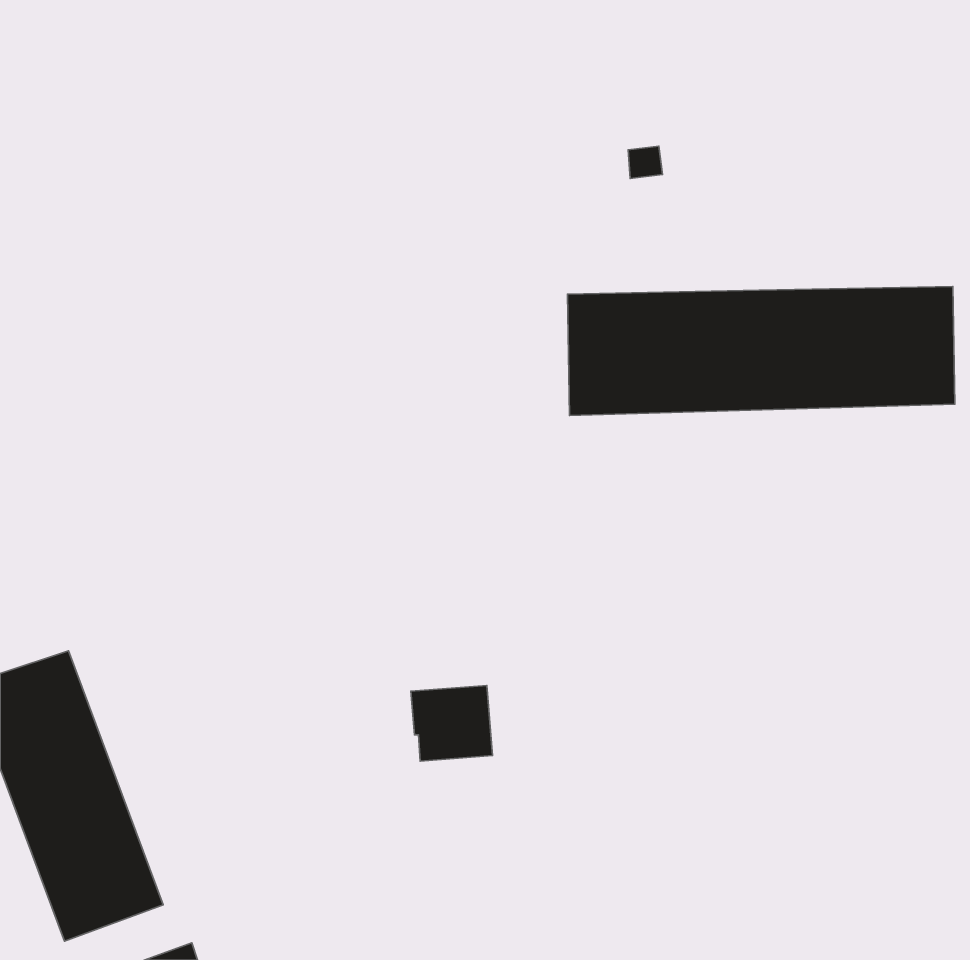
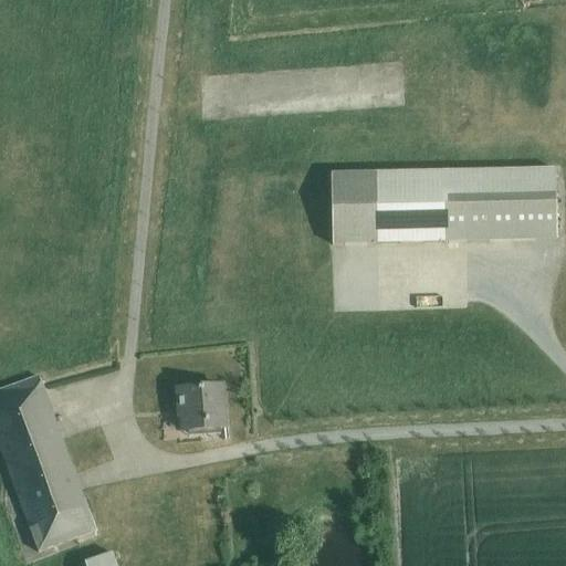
building: [411,685,492,761] -> [177,384,224,428]

